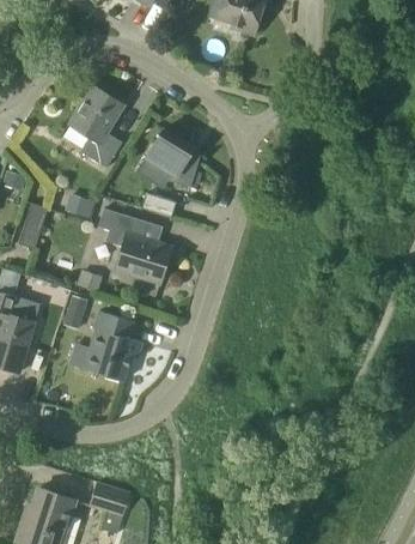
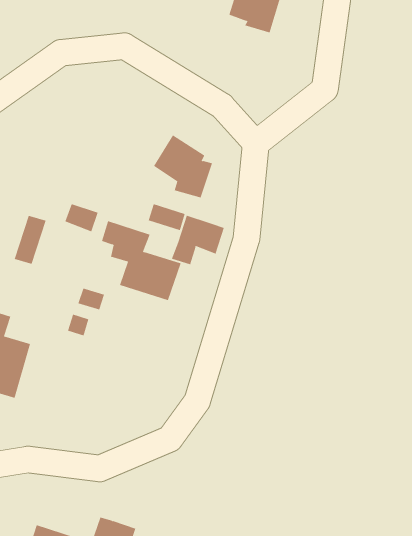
building: [68,85,124,168] -> none
building: none -> [171,215,224,265]
building: [84,312,142,381] -> none

